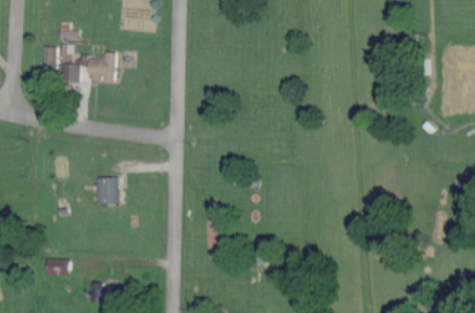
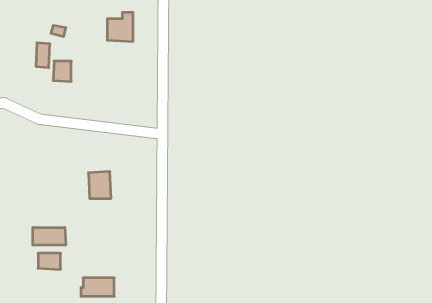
building: [88,52,114,82] -> [107,12,133,41]
building: none -> [33,227,66,245]

